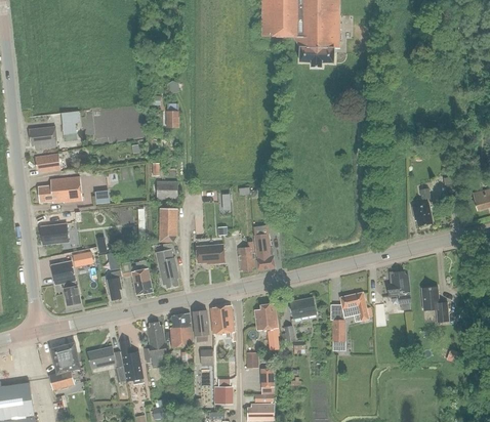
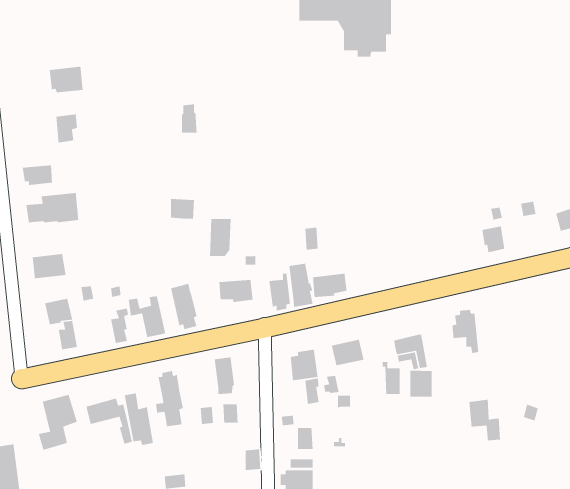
building: [29,124,57,146] -> [49,66,84,93]
building: [157,209,175,241] -> [209,218,232,257]
building: none -> [312,273,347,298]
building: [421,287,448,322] -> [468,399,501,441]
building: [210,304,233,332] -> none
building: [166,311,189,346] -> none
building: none -> [410,370,432,398]

